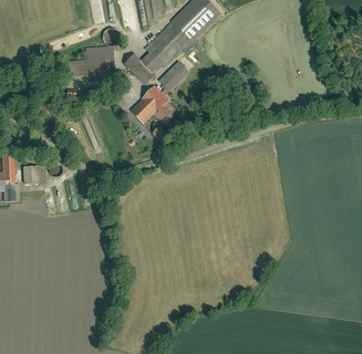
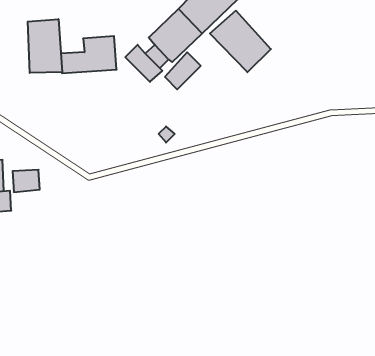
building: none -> [210,11,271,72]
building: none -> [28,19,62,73]
building: [131,86,176,124] -> none

